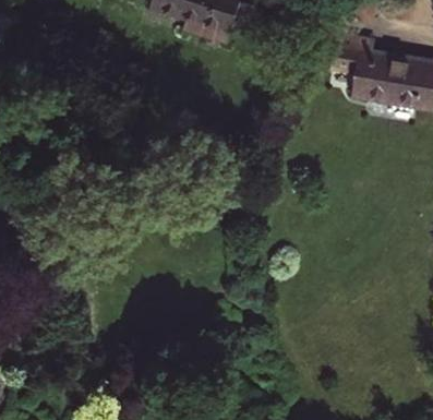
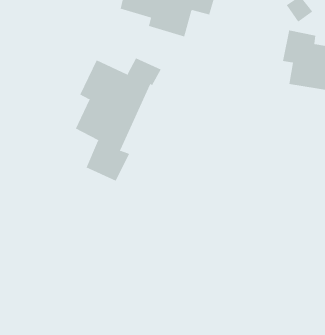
building: none -> [75,58,162,182]

